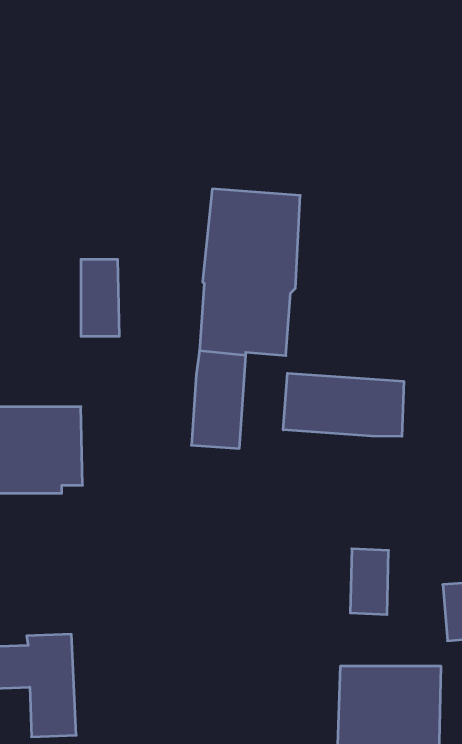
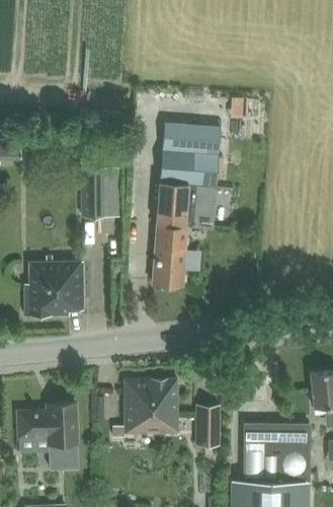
building: [283,373,404,436] -> none
building: [350,549,389,615] -> [195,405,220,446]
building: none -> [126,379,178,433]

